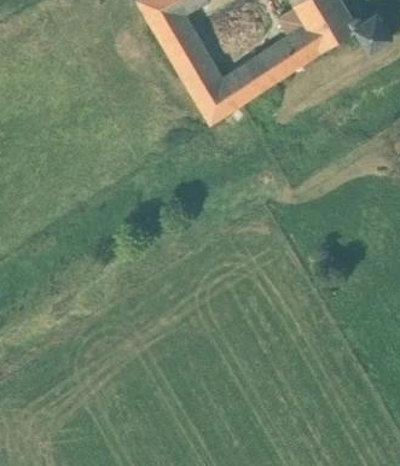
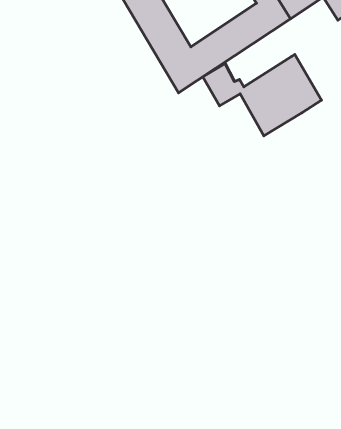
building: none -> [203,55,322,136]

